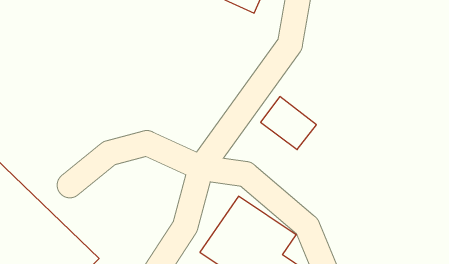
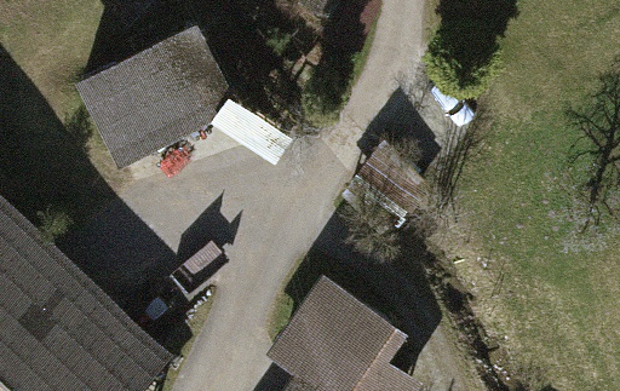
building: none -> [93,30,226,151]

